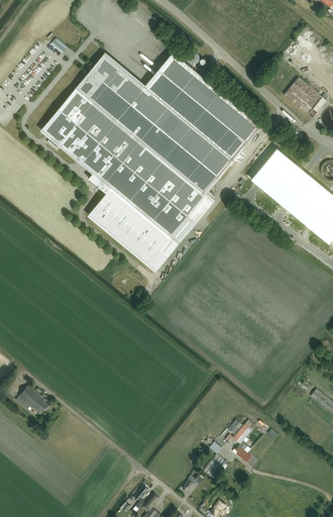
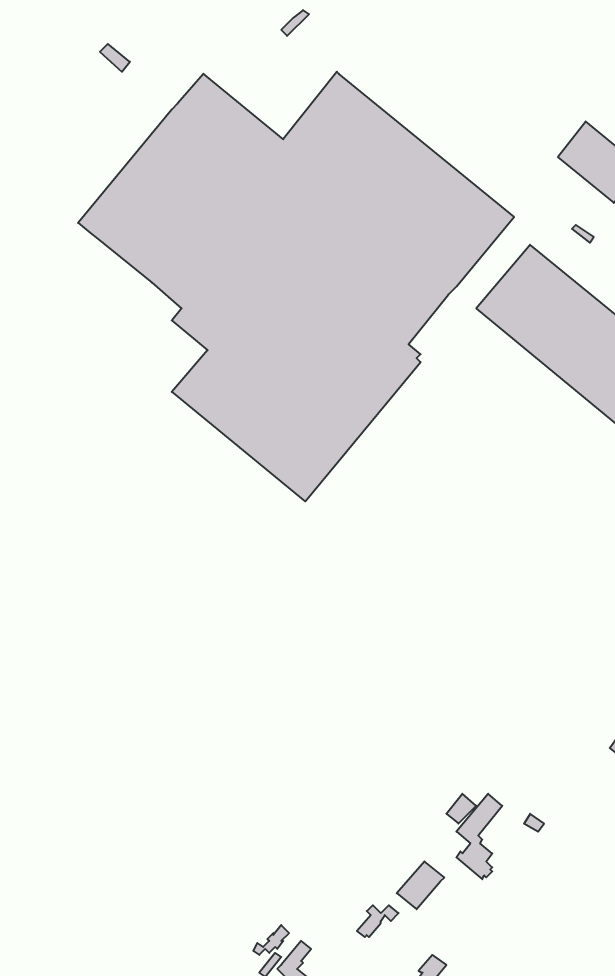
building: [16,386,49,414] -> none

